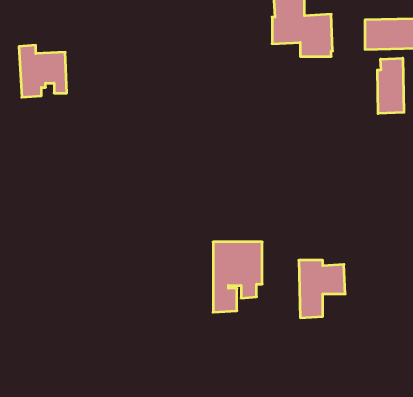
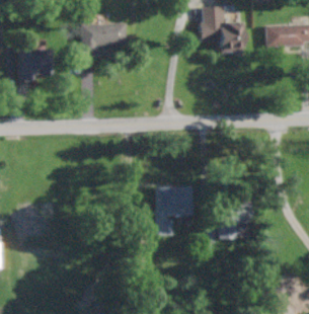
building: none -> [80,23,125,54]
building: [377,58,404,114] -> none

